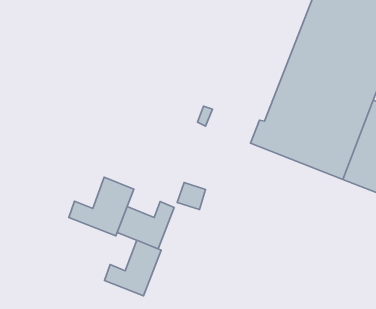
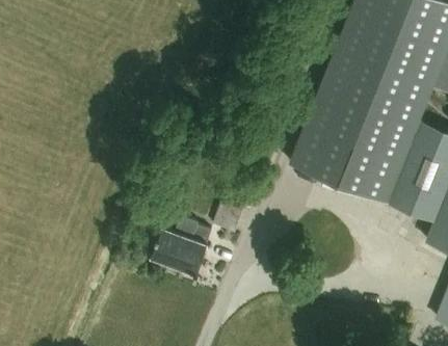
building: [69,177,134,236] -> none
building: [105,240,161,296] -> none

